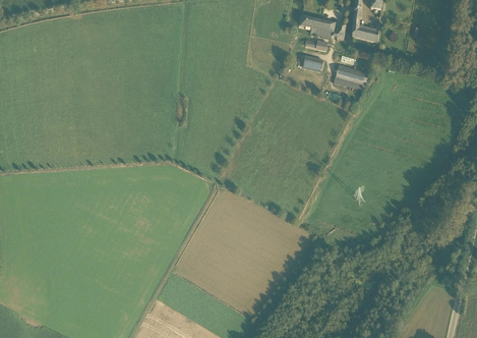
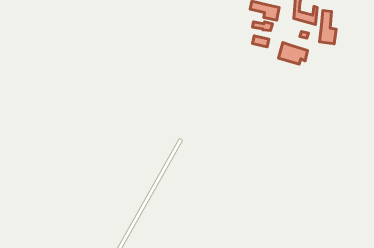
building: none -> [320,11,336,44]

